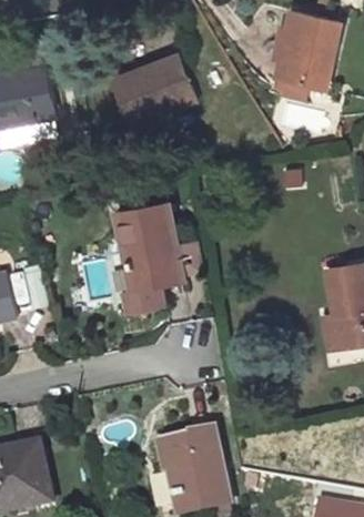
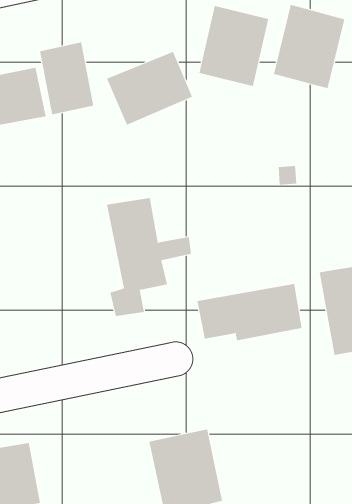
building: none -> [199,5,269,87]
building: none -> [39,42,94,115]
building: none -> [197,283,302,341]

